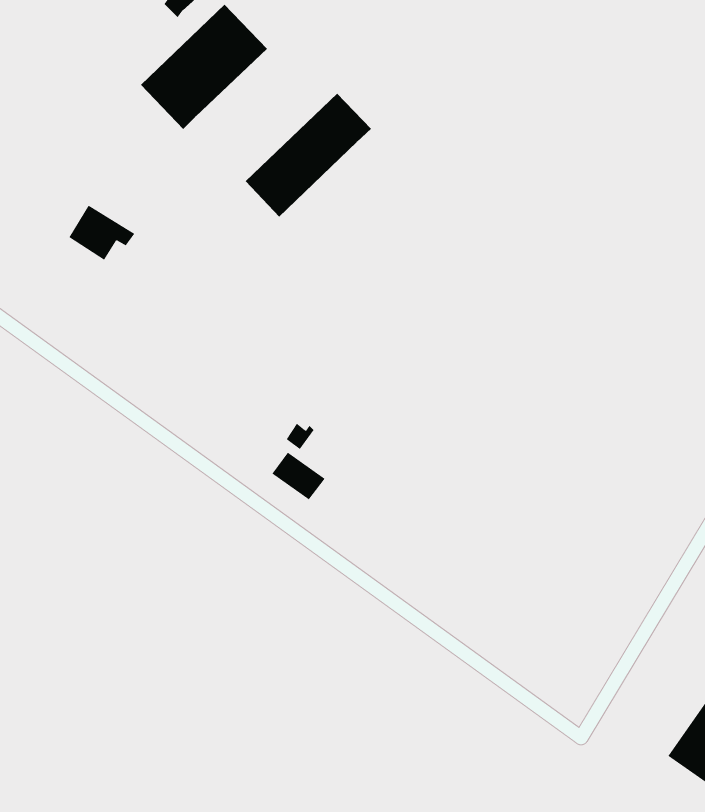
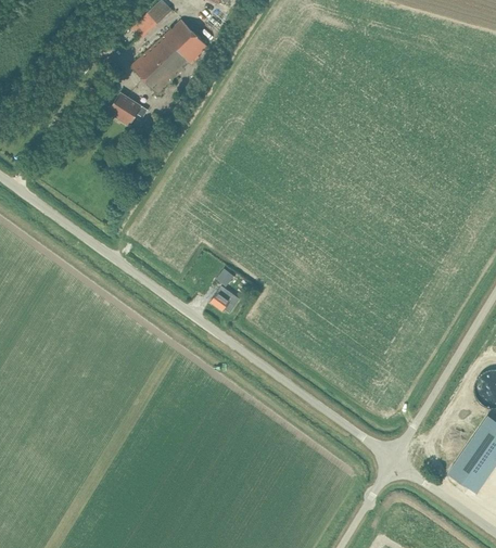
building: [245,93,372,217] -> none
building: [68,205,135,261] -> [107,92,148,126]

